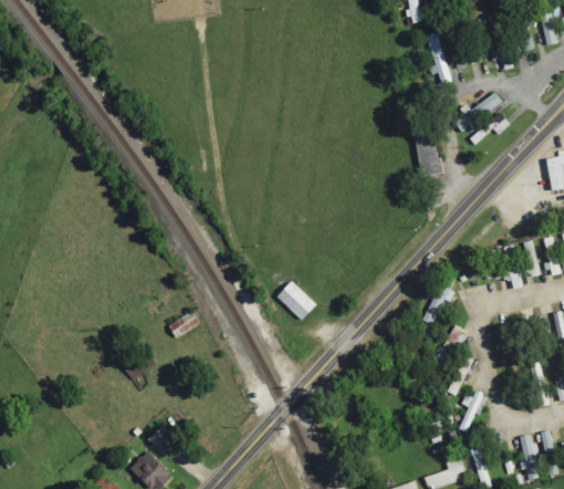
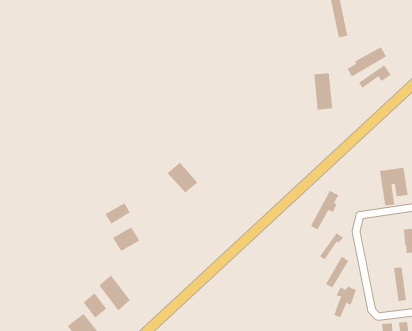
building: [275,280,315,319] -> [167,162,198,193]
building: none -> [112,227,140,252]
building: none -> [98,274,131,311]

